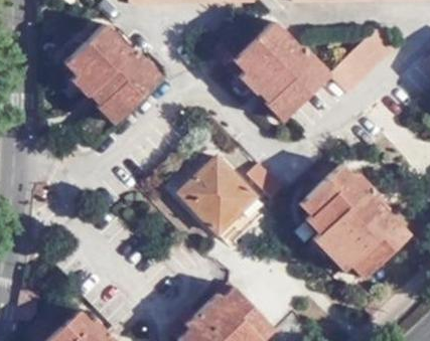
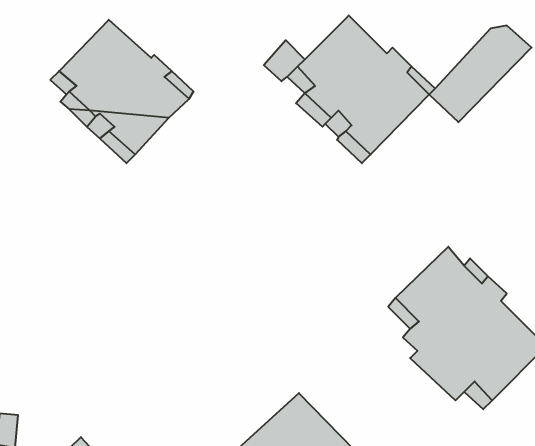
building: [181,155,265,240] -> none

